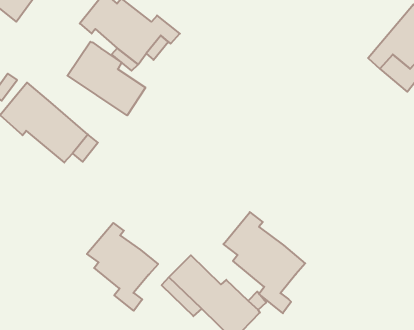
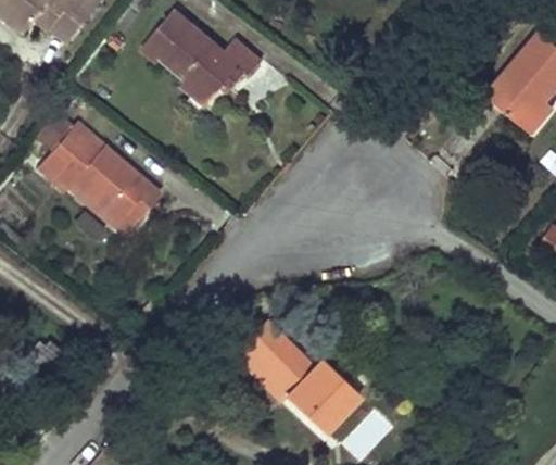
building: [67,42,145,115] -> none
building: [223,212,305,313] -> none
building: [87,223,158,311] -> none

